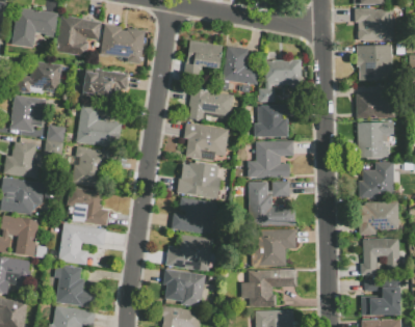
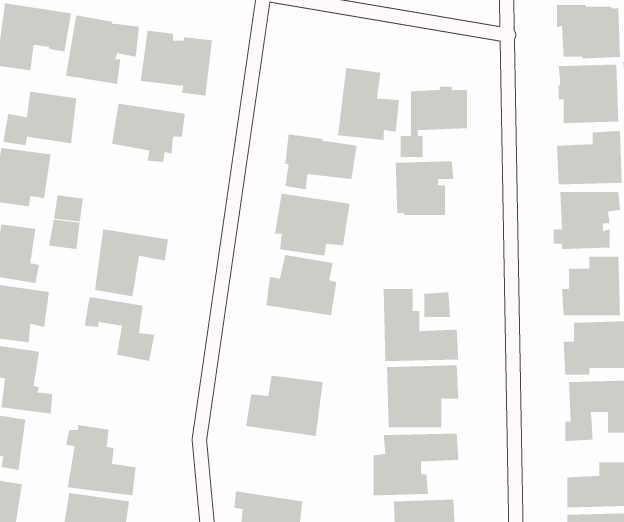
building: [184,40,222,75] -> none
building: [76,104,122,148] -> none
building: [247,140,293,179] -> none
building: [171,196,218,235] -> none
building: [57,223,106,265] -> none
building: [163,270,205,307] -> none

